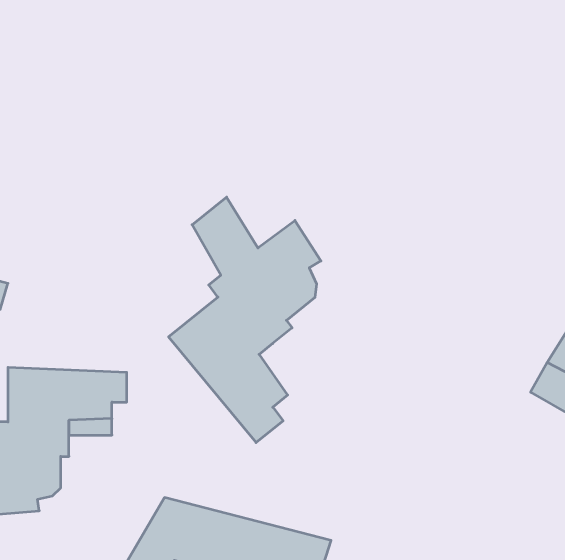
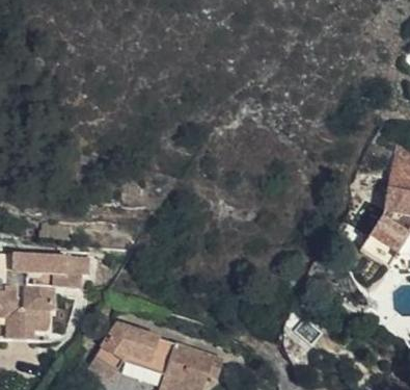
building: [169,197,321,443] -> none

